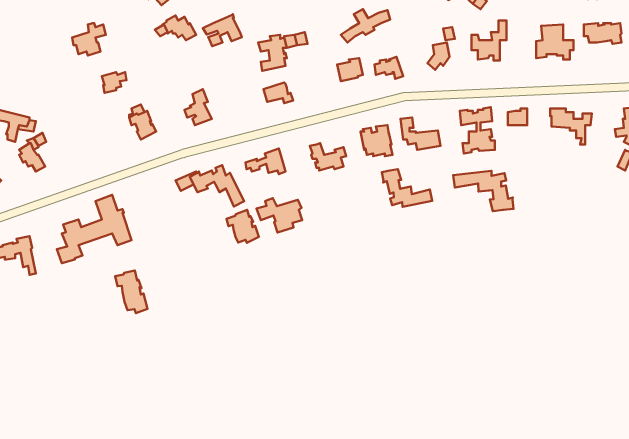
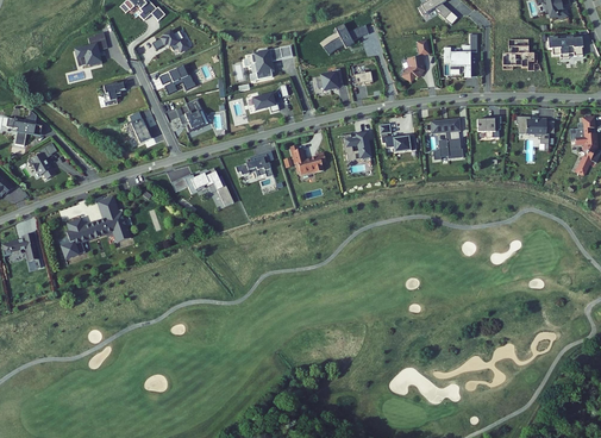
building: [203,14,242,46] -> [158,64,194,94]
building: [382,169,432,207] -> none
building: [453,171,514,211] -> none
building: [257,198,302,232] -> none
building: [226,210,259,243] -> none
building: [115,270,148,313] -> none

